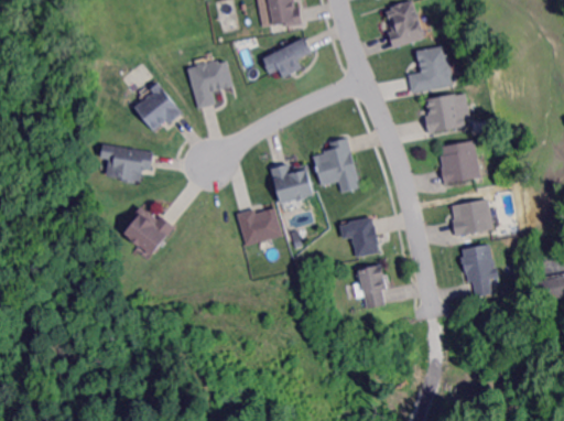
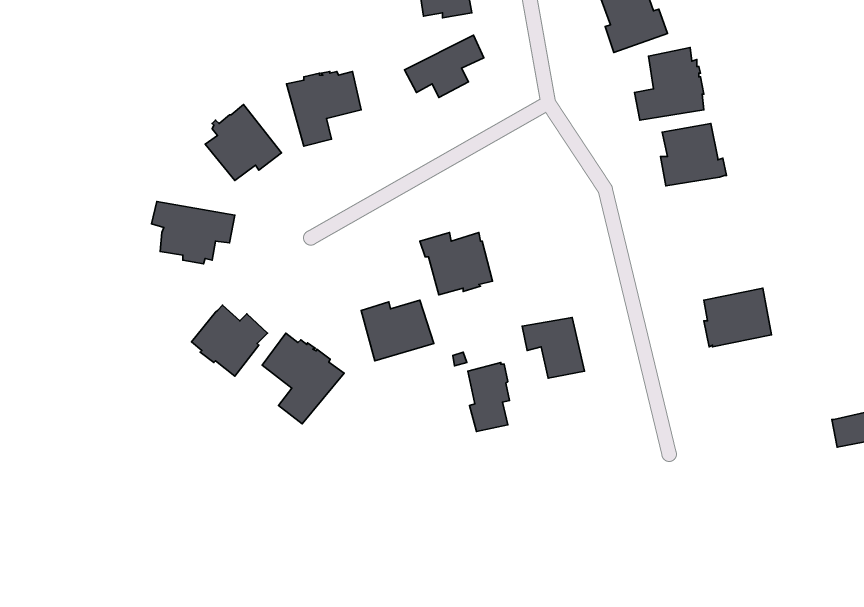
building: [315,137,360,192] -> none
building: [440,140,480,184] -> none
building: none -> [262,333,344,424]
building: [462,244,499,298] -> none
building: [360,265,387,309] -> [468,362,509,432]

